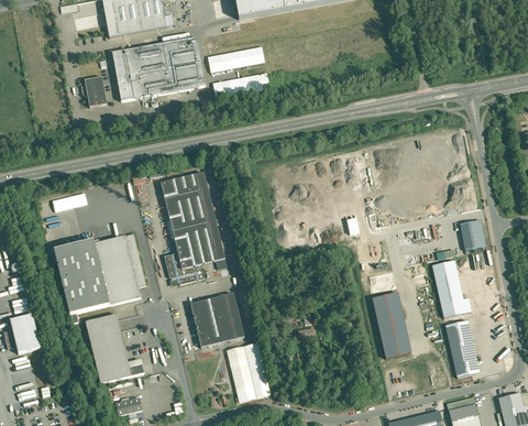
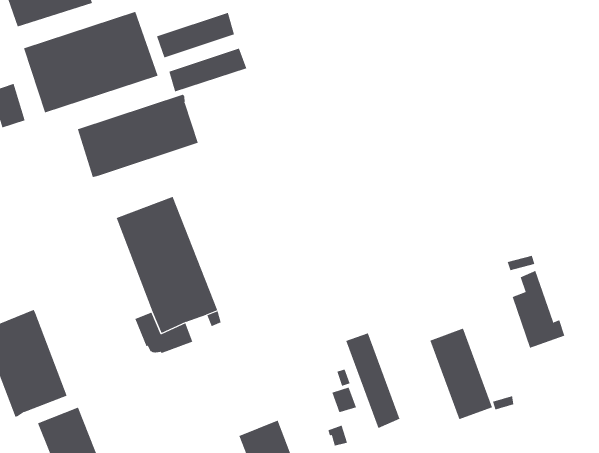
building: none -> [77,94,199,178]
building: [459,219,485,250] -> none
building: [95,232,145,304] -> none
building: none -> [346,332,400,429]
building: [190,293,244,347] -> none
building: [444,321,477,376] -> none

